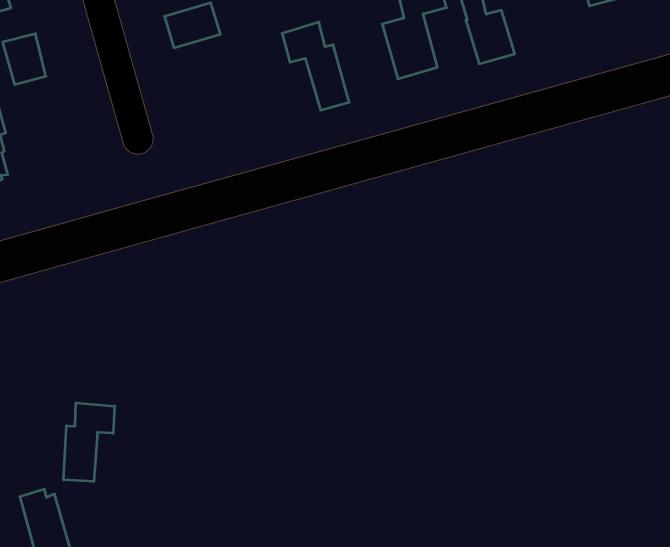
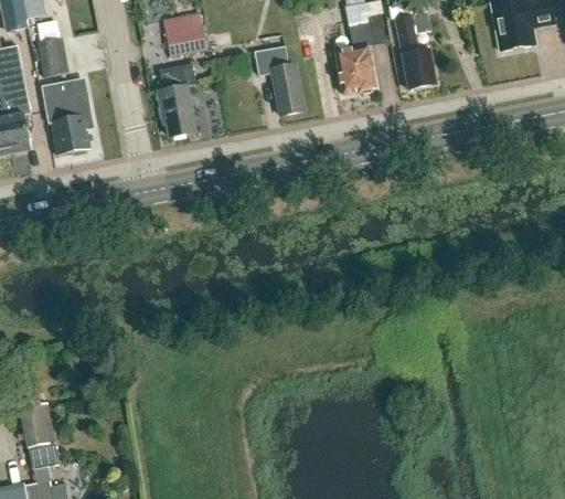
building: none -> [159,64,193,134]
building: none -> [41,79,92,153]
building: [64,403,115,482] -> none

